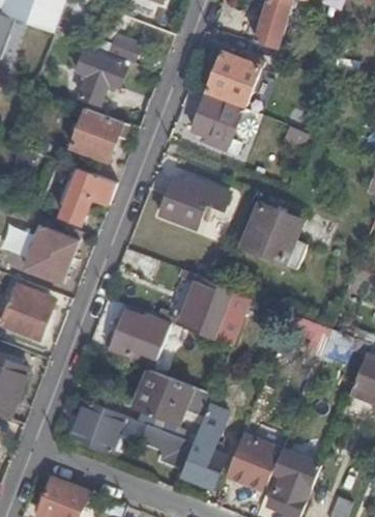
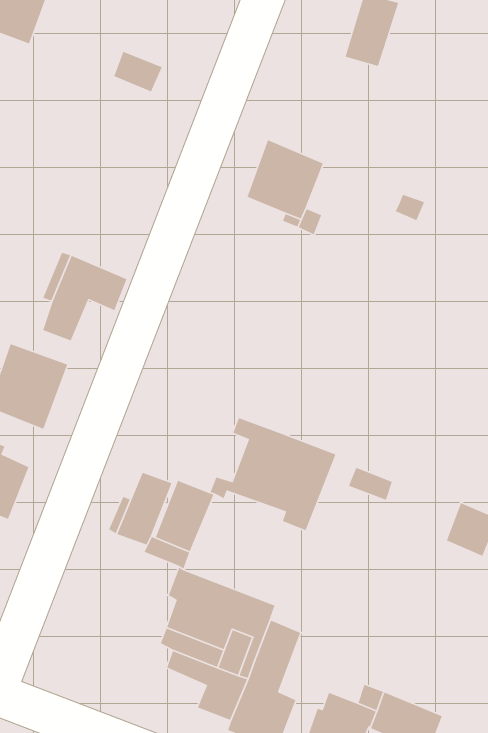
building: [76,50,125,103] -> none
building: [206,52,262,105] -> none
building: [68,106,126,162] -> none
building: [158,177,228,227] -> none
building: [242,204,305,266] -> none
building: [69,399,123,452] -> none

